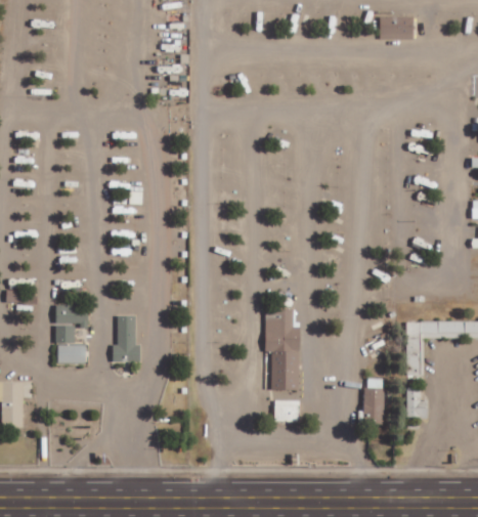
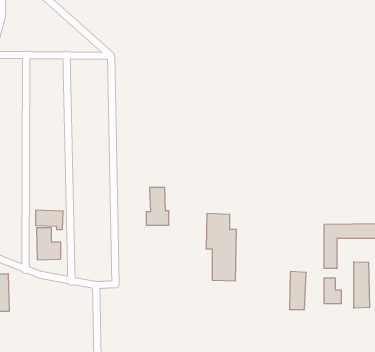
building: [113,315,140,361] -> [146,187,169,225]
building: none -> [354,262,369,308]
building: [274,400,300,421] -> none

